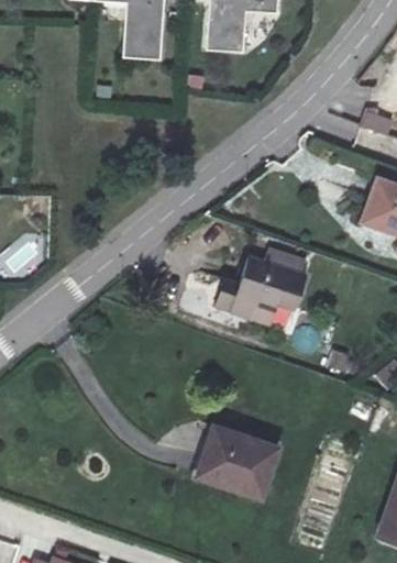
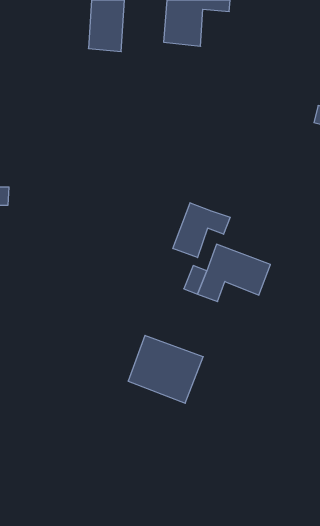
building: none -> [173,203,230,258]
building: [203,426,282,496] -> [128,335,203,403]

